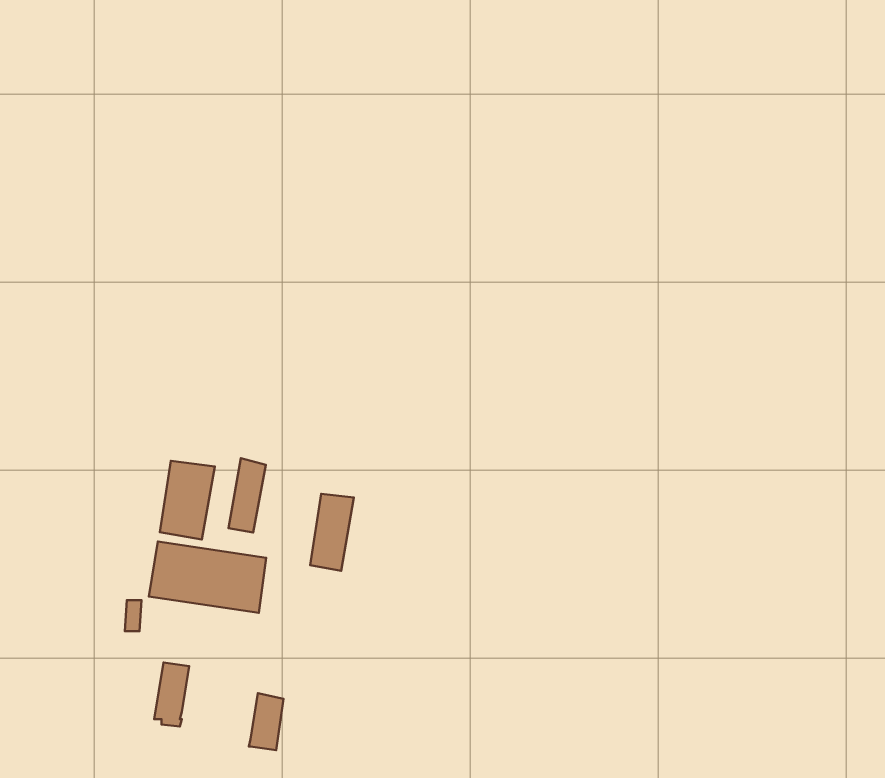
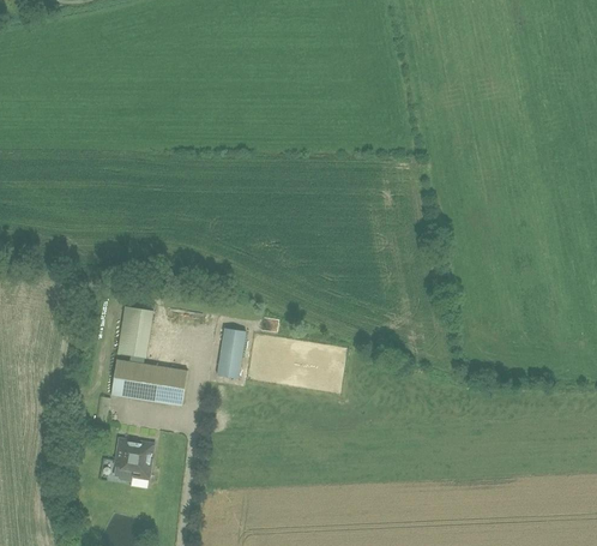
building: [229,458,266,532] -> none
building: [249,693,284,750] -> [131,439,153,476]

